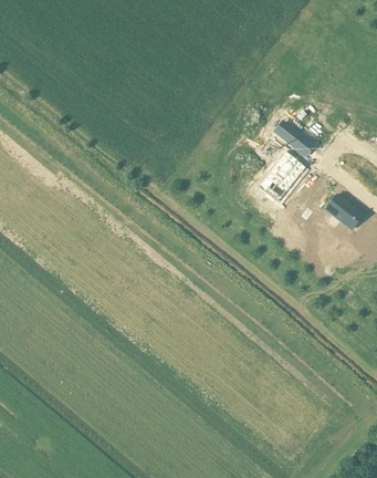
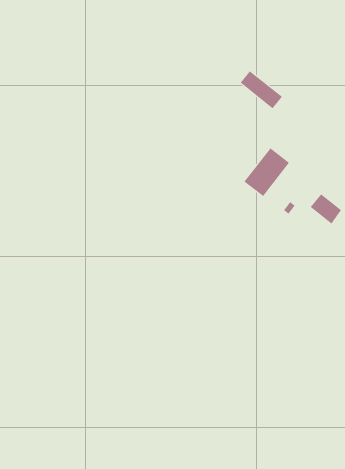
building: [271,117,314,156] -> [240,71,283,109]

